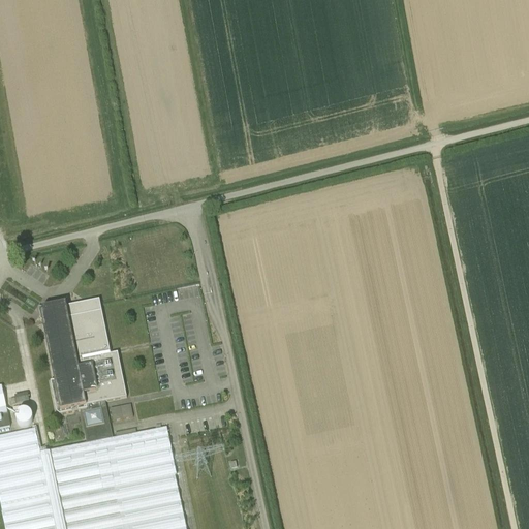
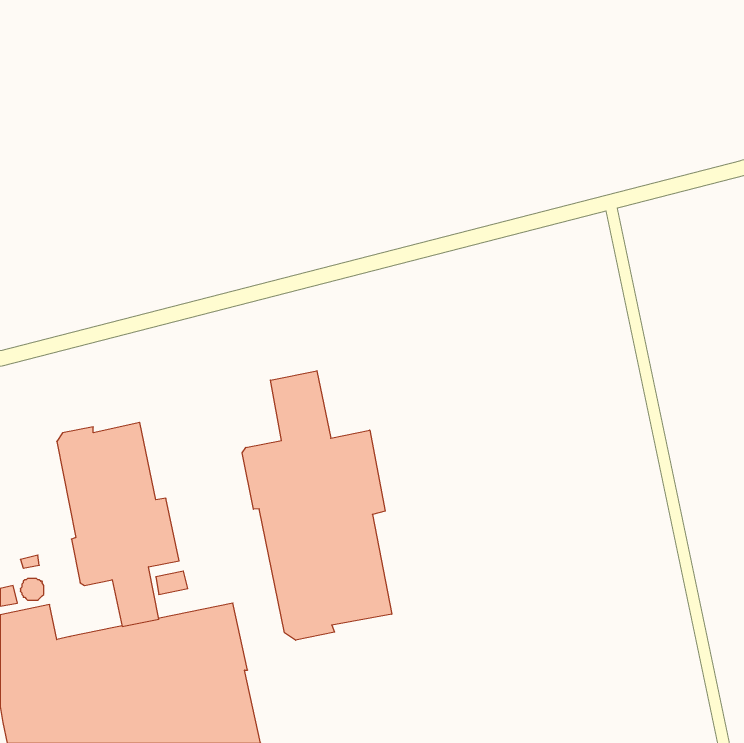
building: none -> [242,371,392,640]

